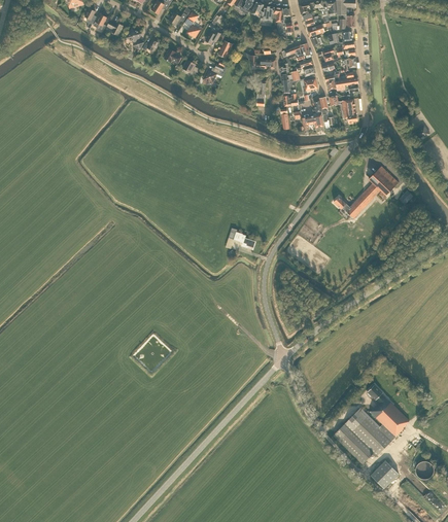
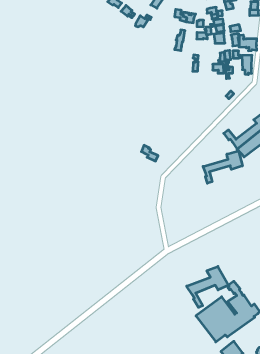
building: none -> [203,151,242,183]
building: none -> [187,266,228,307]

